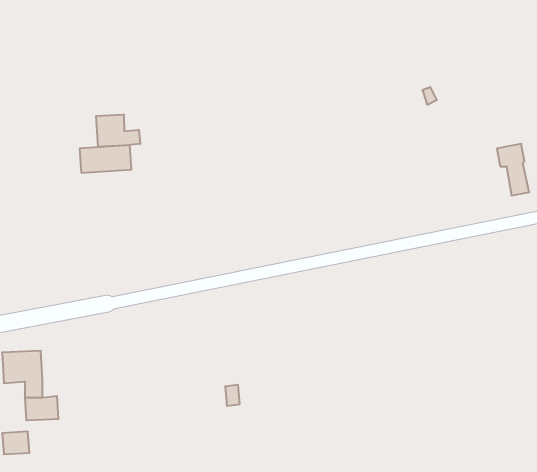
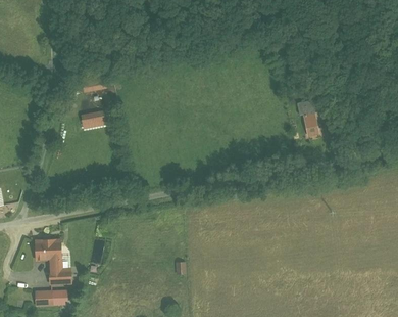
building: [96,114,140,147] -> none
building: [497,144,529,196] -> [297,99,317,132]

